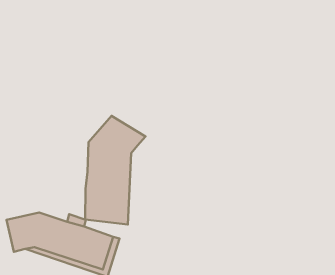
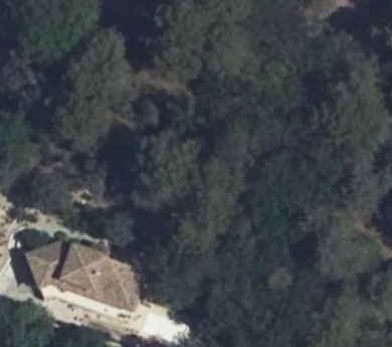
building: [85,116,146,224] -> none

